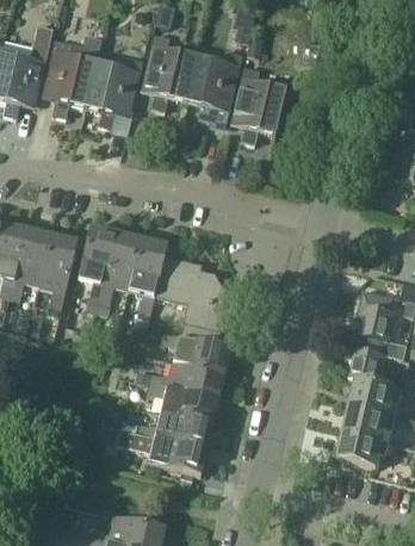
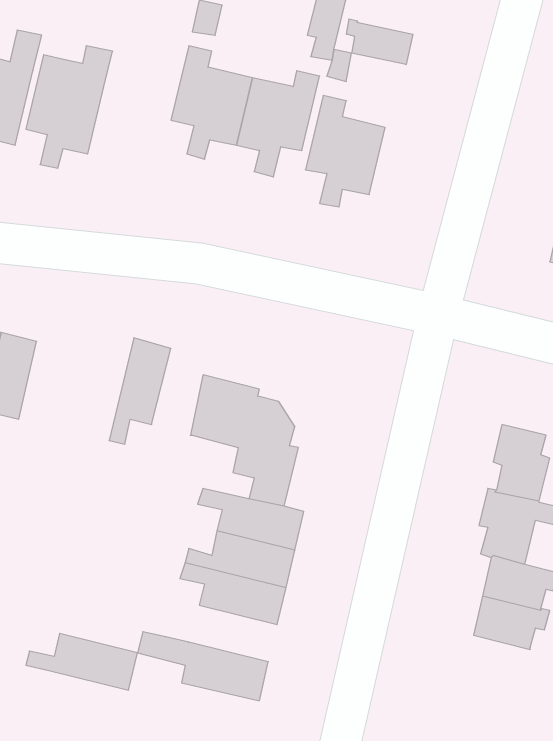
building: none -> [346,19,413,65]
building: [85,56,142,128] -> none
building: [78,224,116,299] -> none
building: [38,232,76,308] -> none
building: [128,237,167,312] -> none
building: [137,410,212,448] -> [26,633,137,690]
building: [337,430,389,466] -> none

